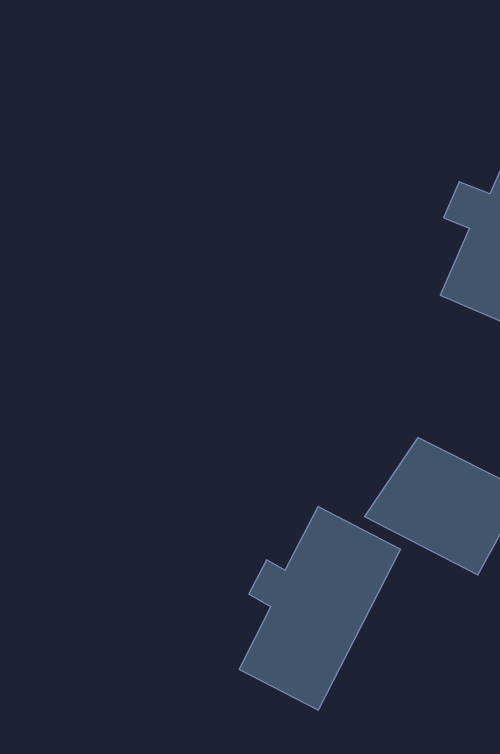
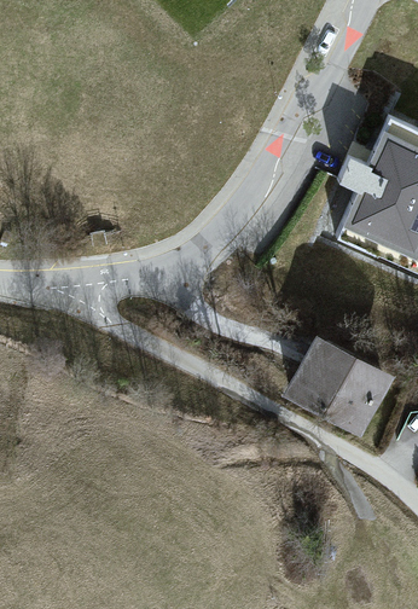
building: [239,506,401,710] -> none

